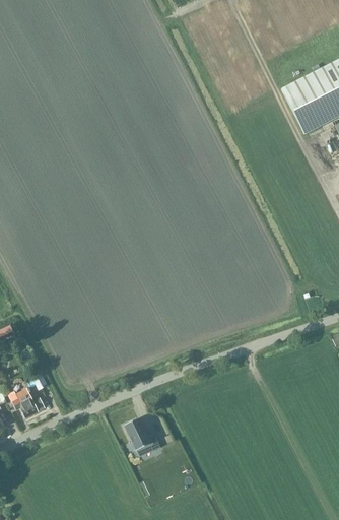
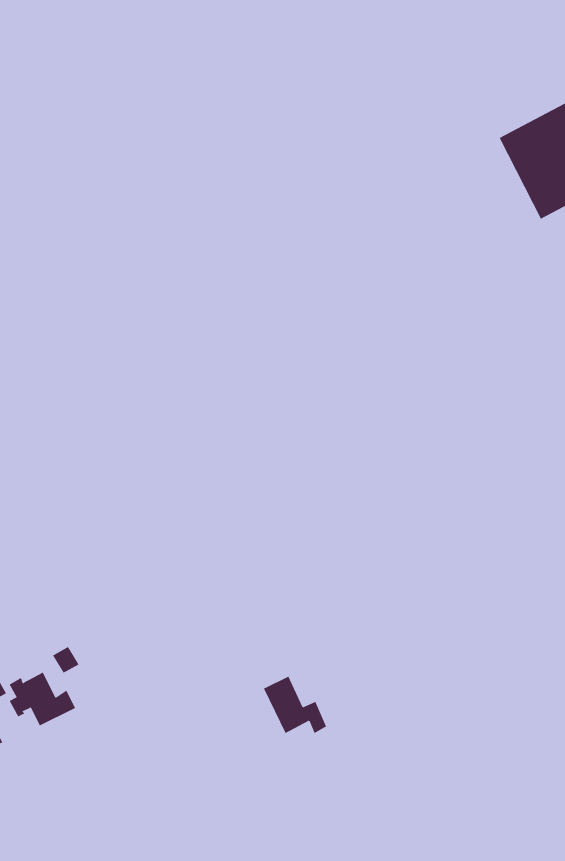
building: [125,417,160,450] -> [263,676,327,734]

